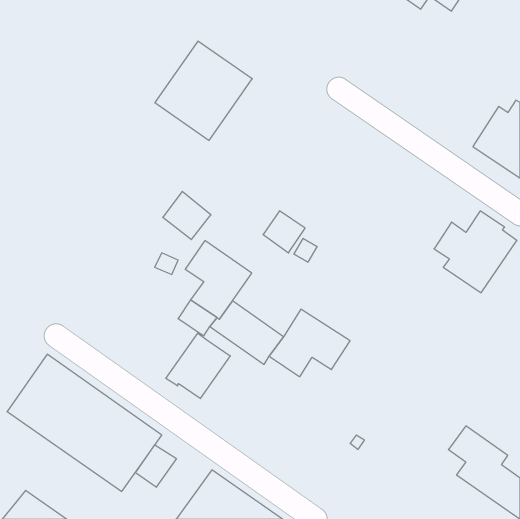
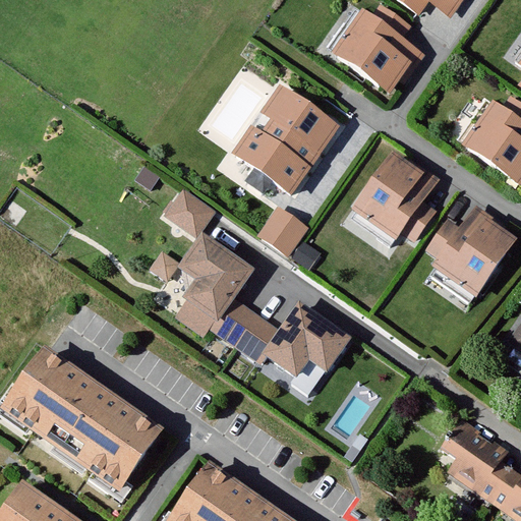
building: none -> [338,9,417,90]
building: [155,41,252,140] -> [238,92,335,190]
building: none -> [359,157,437,236]
building: [166,333,230,399] -> none
building: [136,445,176,487] -> none

